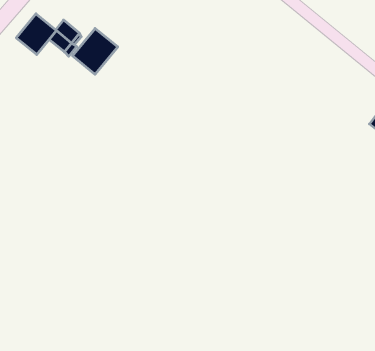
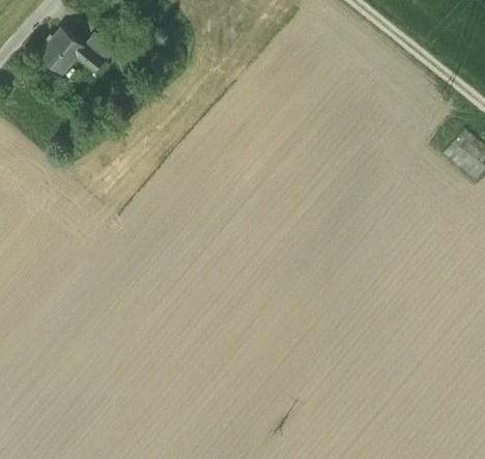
building: [73,28,118,74] -> none

